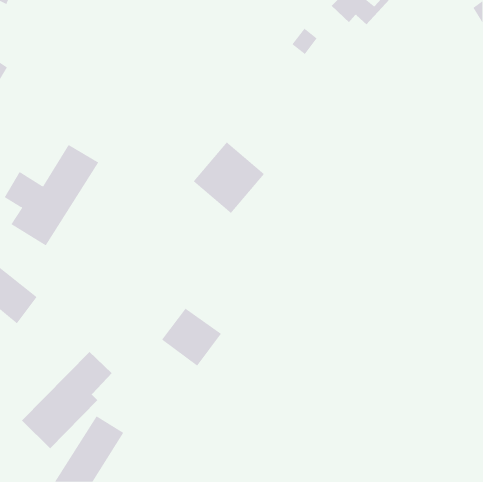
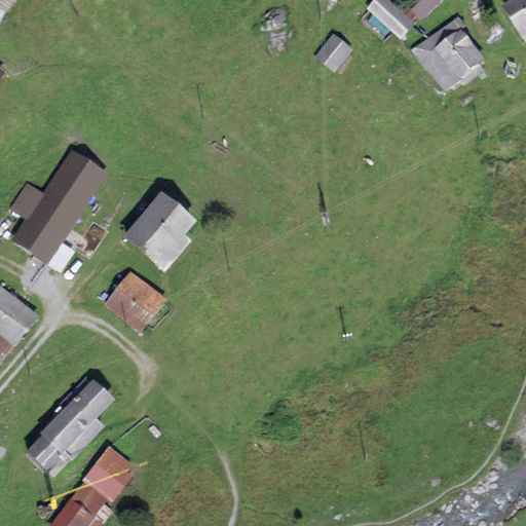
building: none -> [410,17,471,78]
building: [193,142,265,214] -> [129,190,206,267]
building: [161,308,222,366] -> [103,271,167,334]

